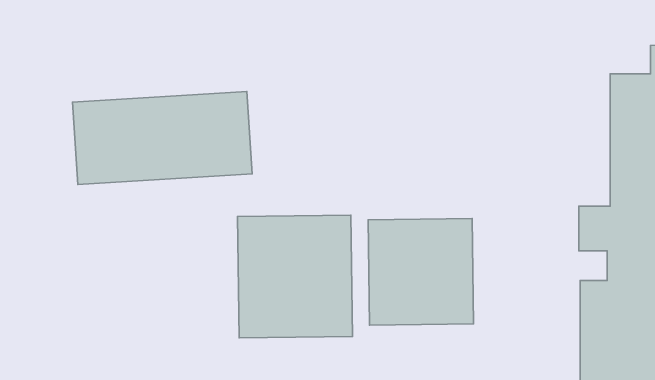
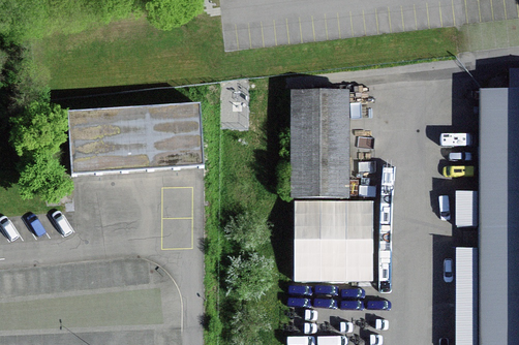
building: none -> [292,90,350,197]
building: [238,215,352,338] -> none

